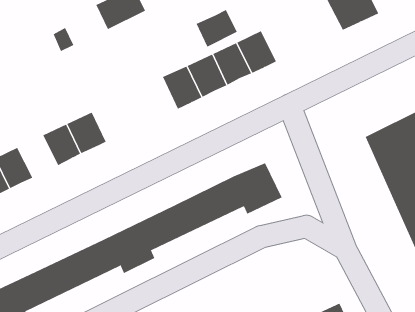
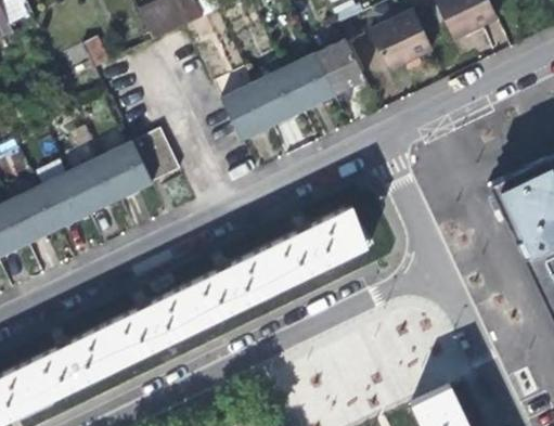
building: none -> [368,9,434,70]
building: [196,9,238,47] -> none
building: none -> [134,129,181,181]
building: none -> [40,172,91,227]

